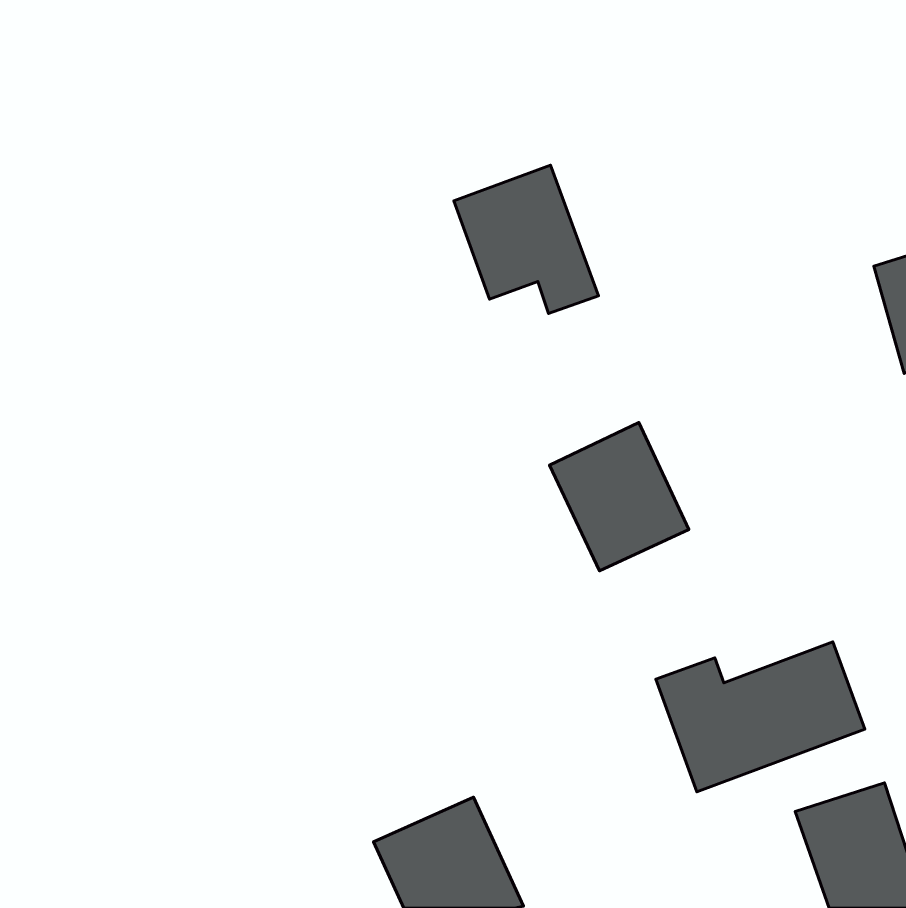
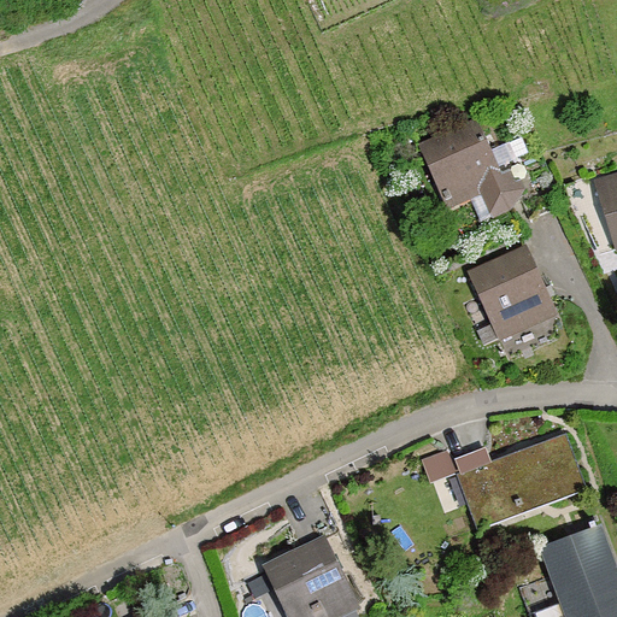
building: [454,165,599,314] -> [417,119,515,219]
building: [549,422,689,571] -> [466,241,560,341]

